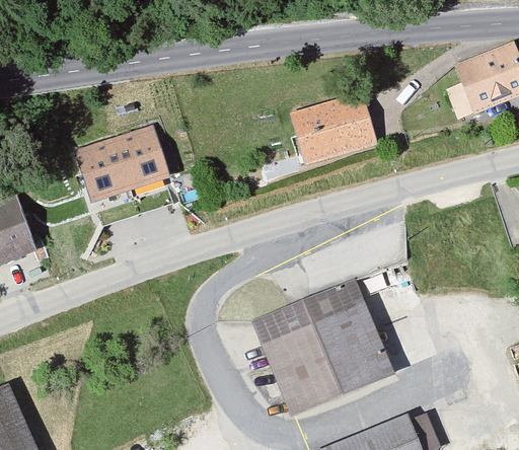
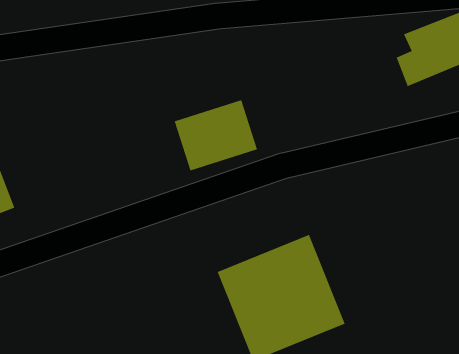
building: [291,92,381,169] -> [174,100,258,171]
building: [74,123,169,203] -> none

